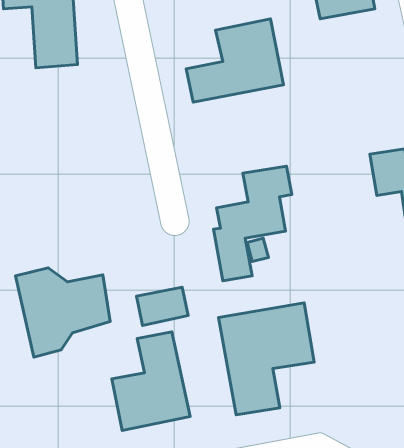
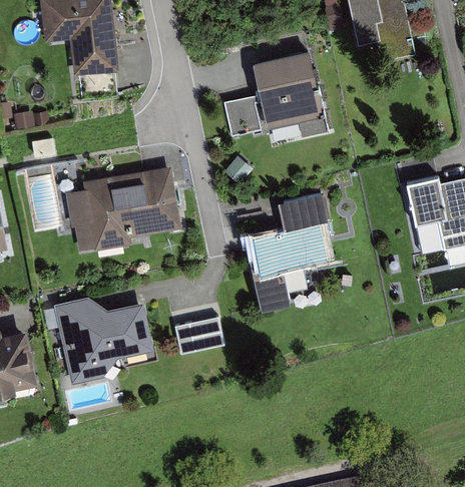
building: none -> [66,168,177,252]
building: [218,303,314,415] -> none
building: [112,332,190,430] -> none

